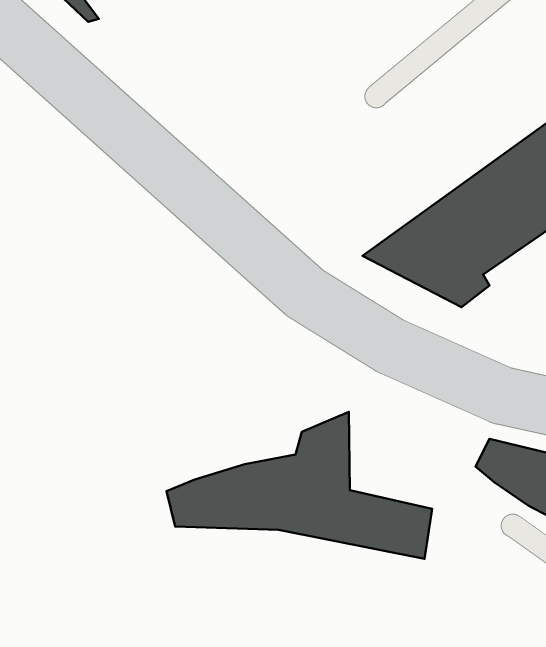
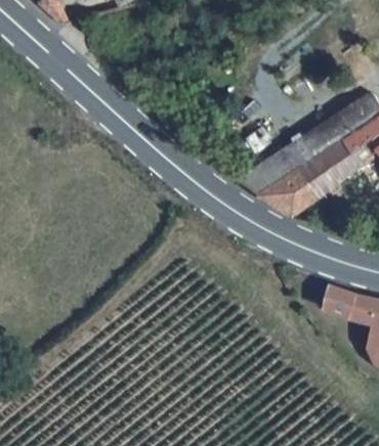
building: [167,412,432,559] -> none

